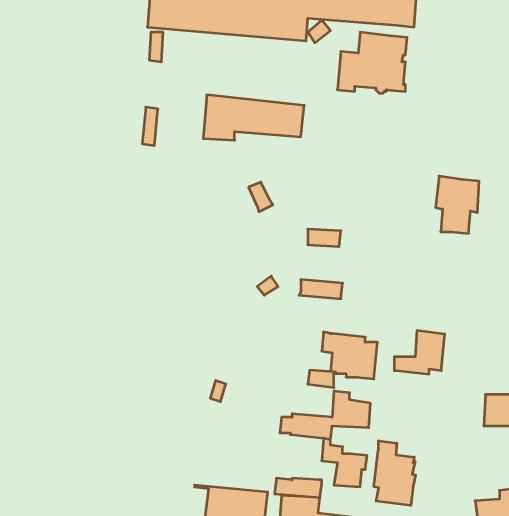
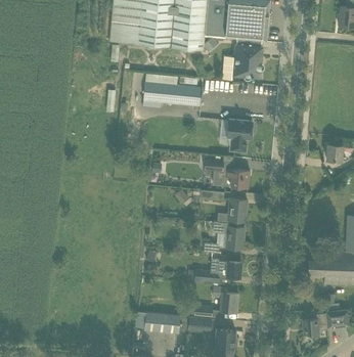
building: [436,176,479,233] -> [226,119,252,152]
building: none -> [220,169,250,188]
building: [394,331,445,374] -> [217,198,247,224]
building: [374,441,416,505] -> none

